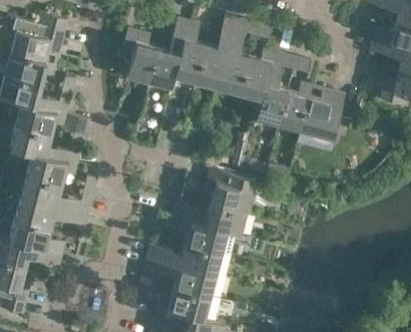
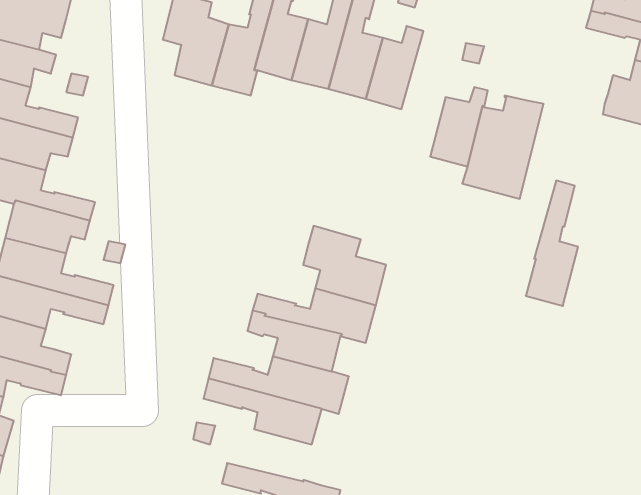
building: [256,51,287,125] -> [526,181,578,306]
building: [157,287,219,320] -> none

